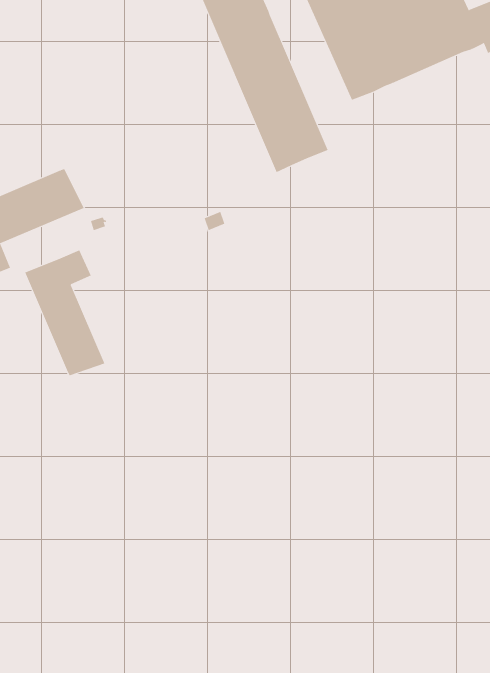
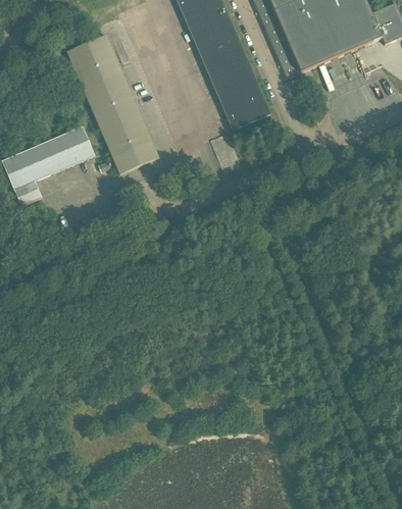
building: none -> [66,35,159,174]
building: [24,250,105,376] -> none

